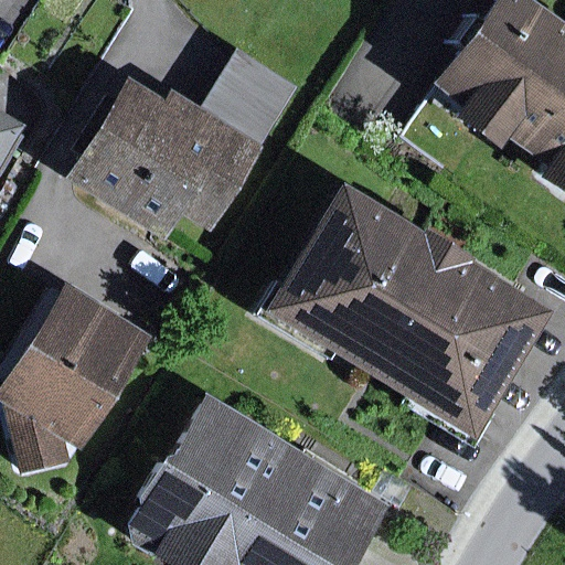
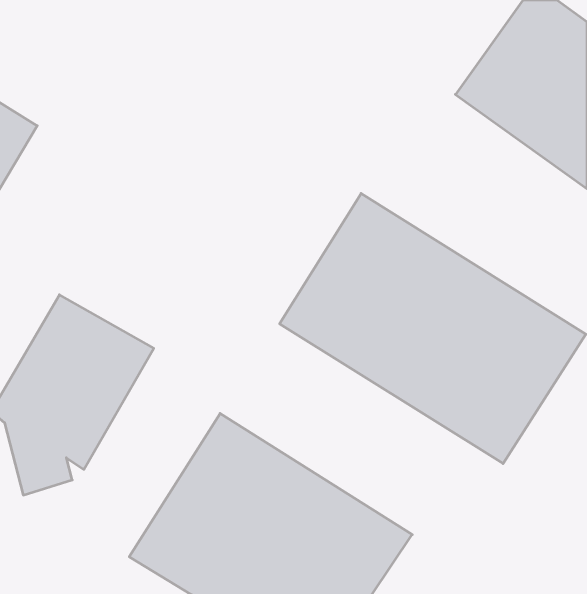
building: [66,50,300,242] -> none

